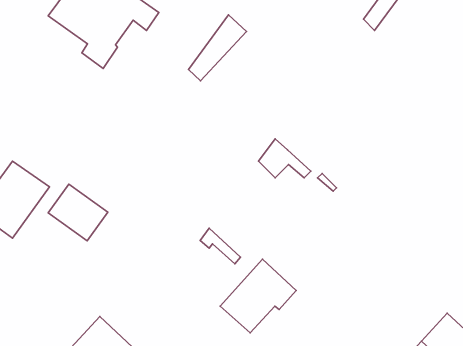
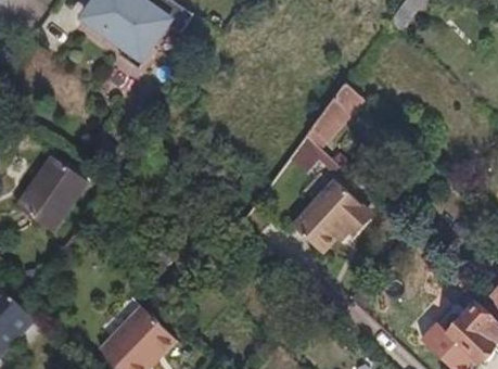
building: [188,15,246,81] -> [306,82,362,147]
building: [48,184,108,241] -> none
building: [220,259,296,333] -> [295,180,369,252]

